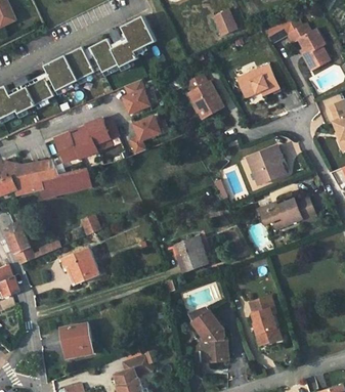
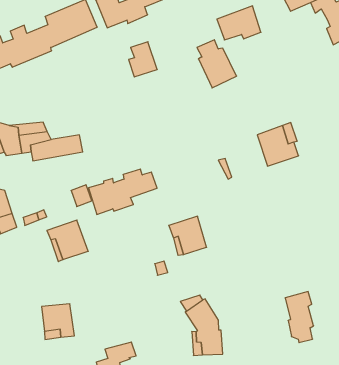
building: [236,64,277,97] -> [217,6,261,40]
building: [131,116,162,153] -> none
building: [57,118,120,162] -> [88,169,157,214]
building: [259,197,313,225] -> none
building: [249,296,276,343] -> [285,292,314,343]

